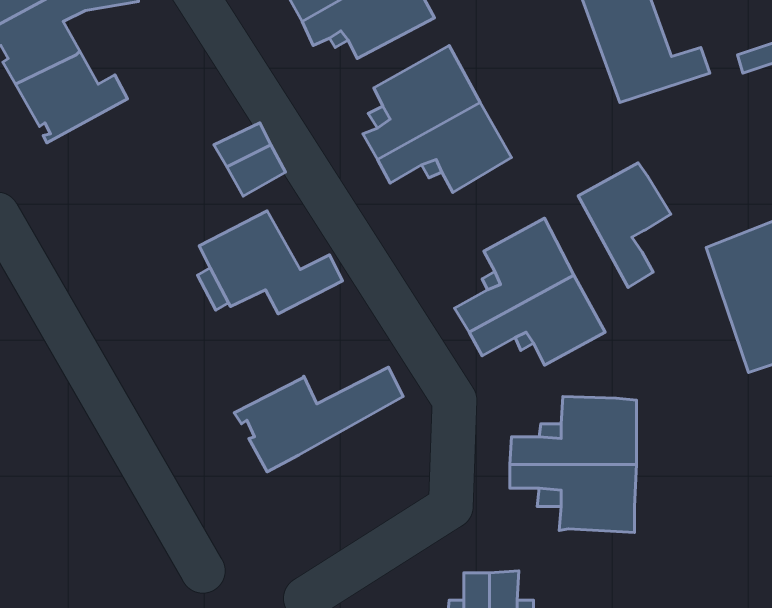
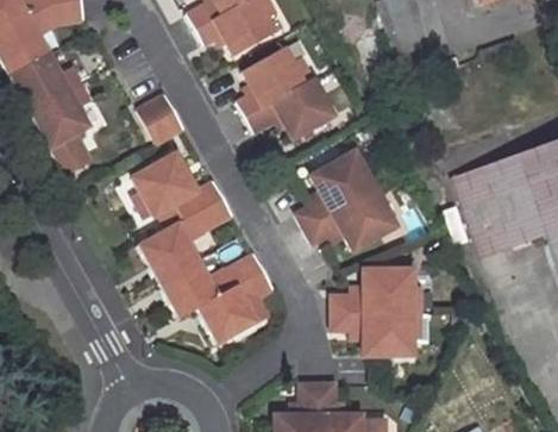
building: none -> [32,79,95,148]
building: [578,163,671,288] -> none
building: none -> [133,196,233,282]
building: none -> [195,271,272,344]

